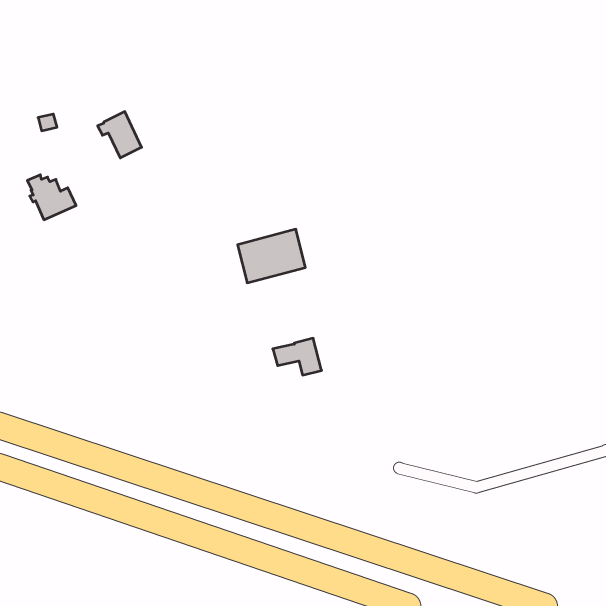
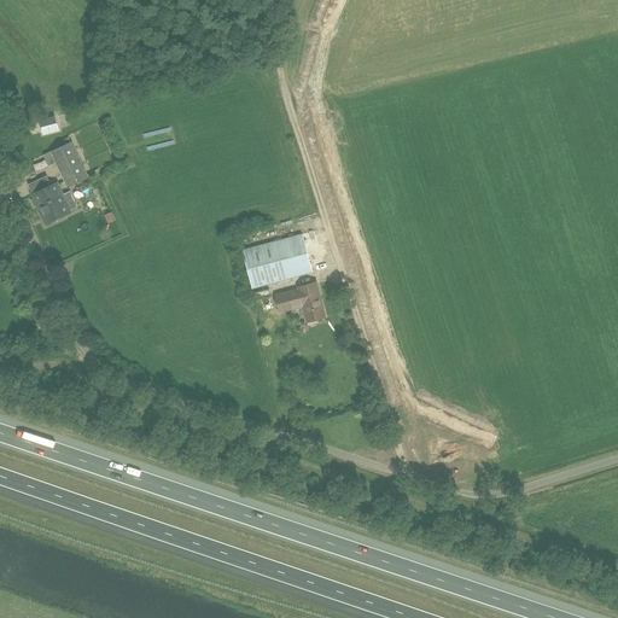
building: [98,112,142,158] -> [43,140,88,187]
building: [273,338,322,375] -> [275,282,325,320]

